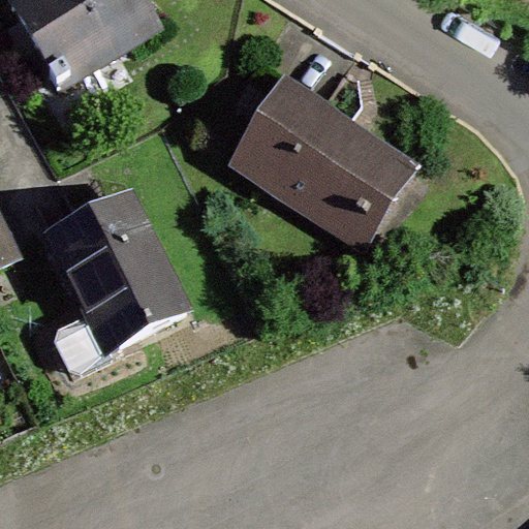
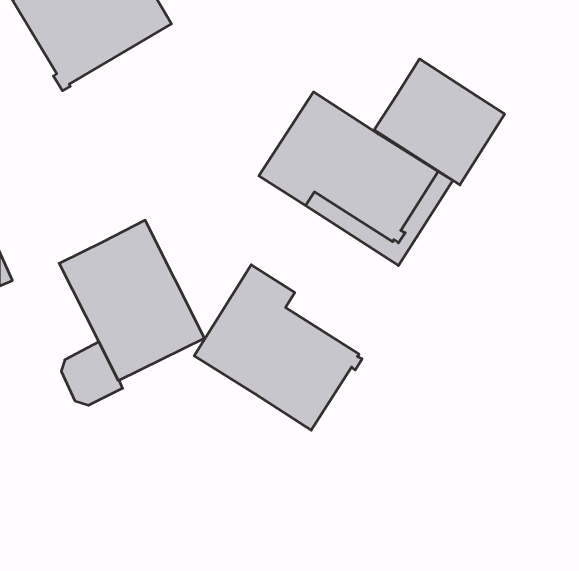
building: none -> [374,59,504,185]
building: none -> [194,265,362,430]

